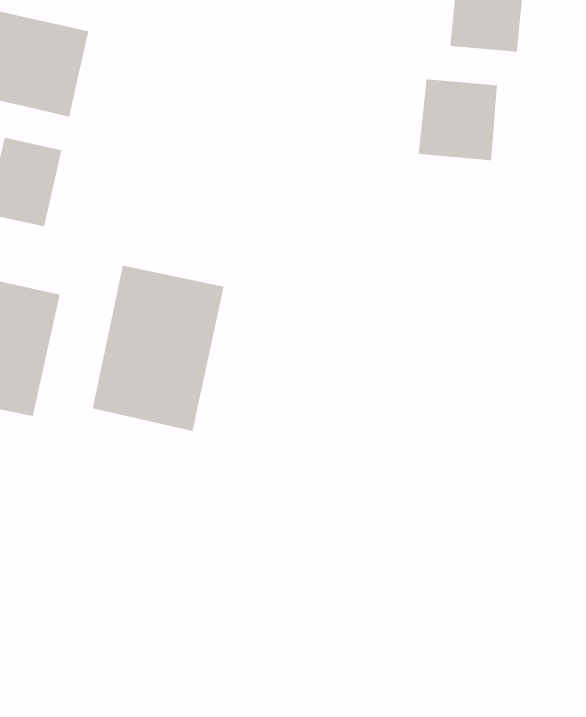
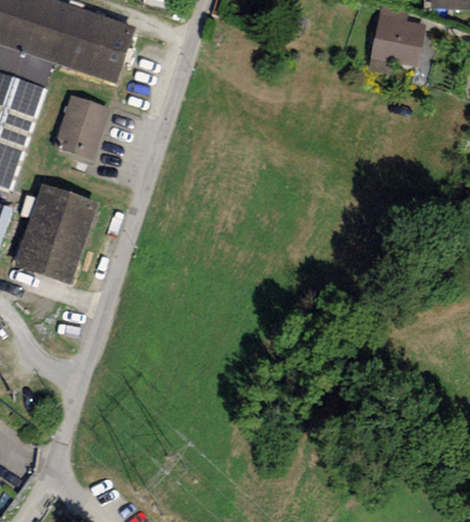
building: [418,78,498,161] -> none
building: [92,265,224,432] -> none

